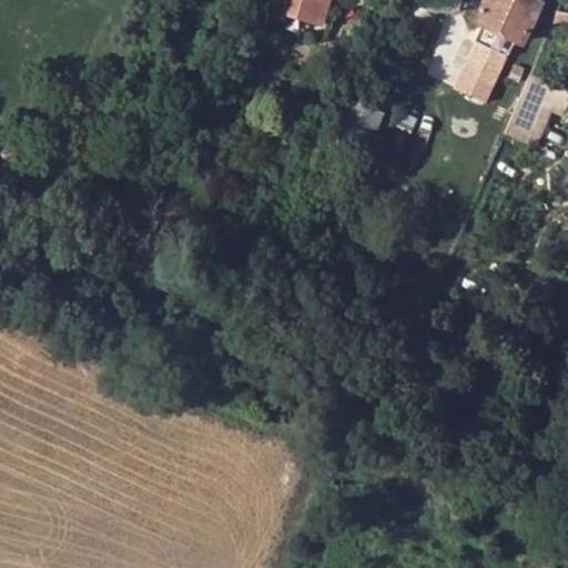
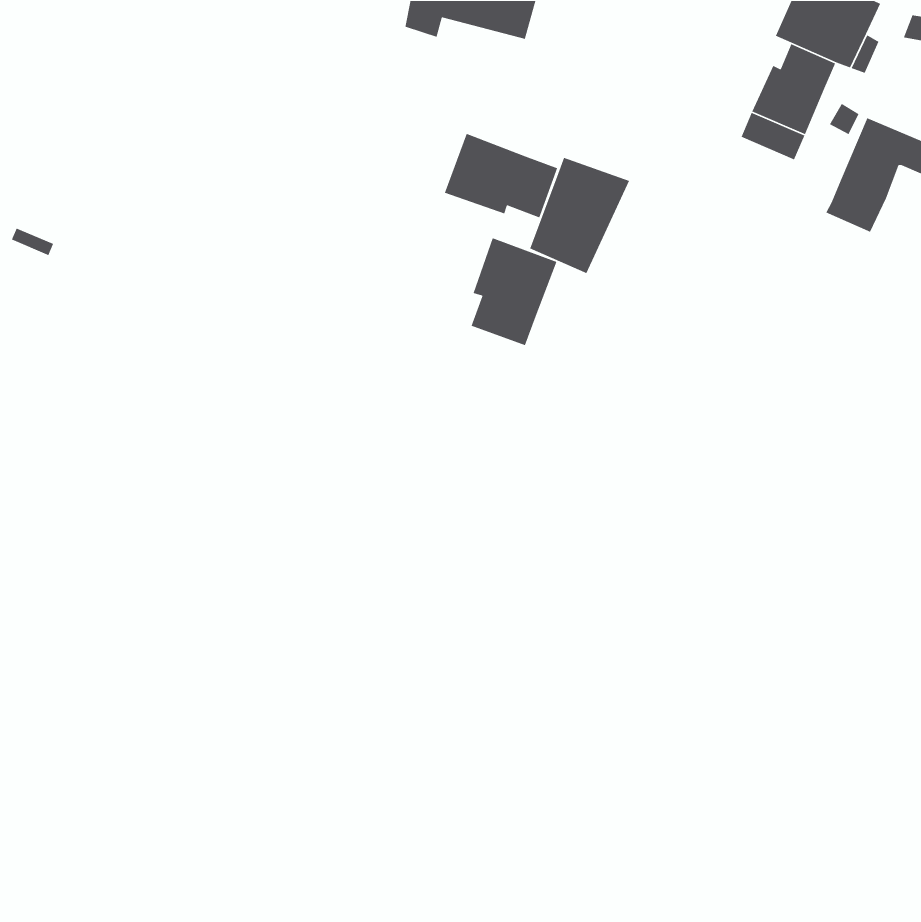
building: none -> [444,133,558,218]
building: none -> [470,237,558,346]

